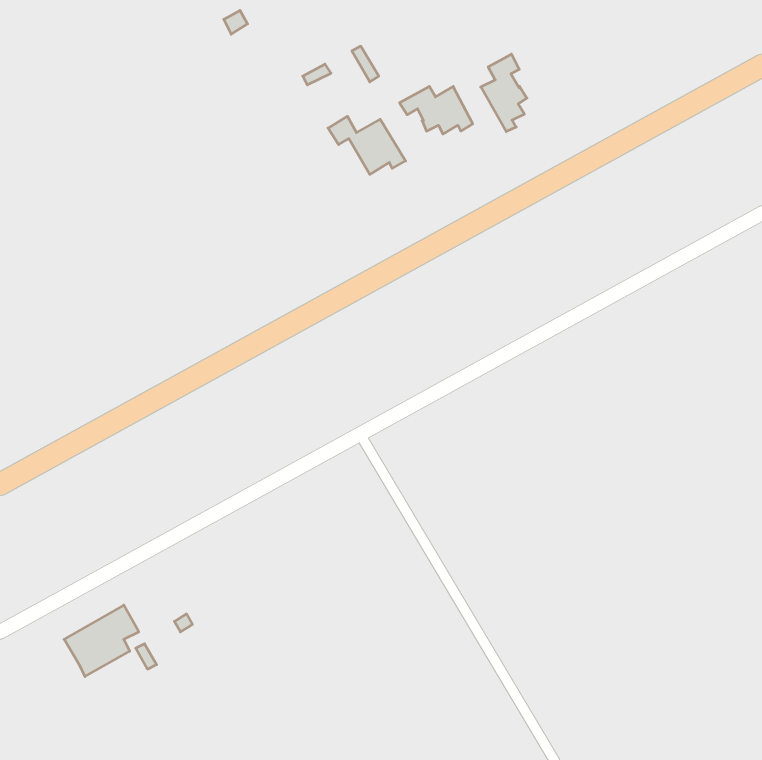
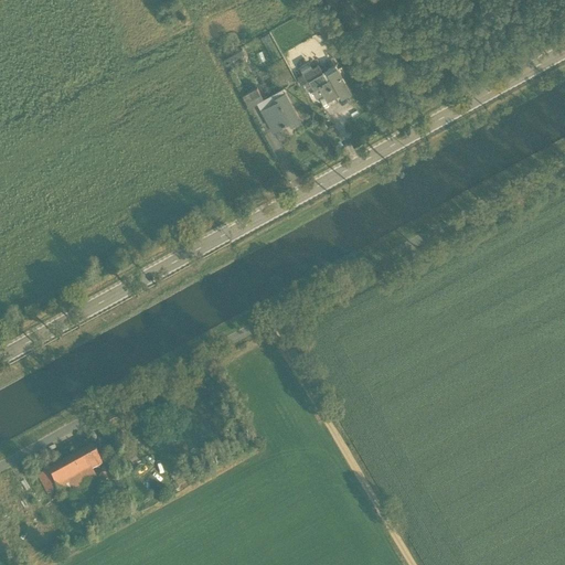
building: [481,54,527,132] -> none

